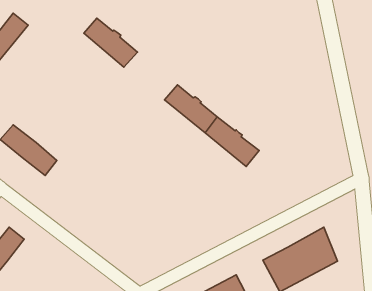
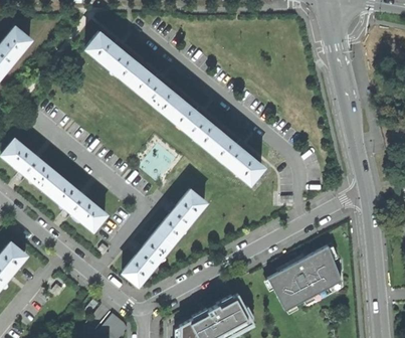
building: none -> [127,67,181,116]
building: none -> [47,177,106,230]
building: none -> [122,191,204,285]

